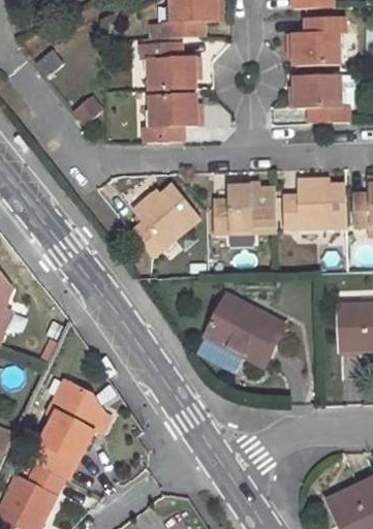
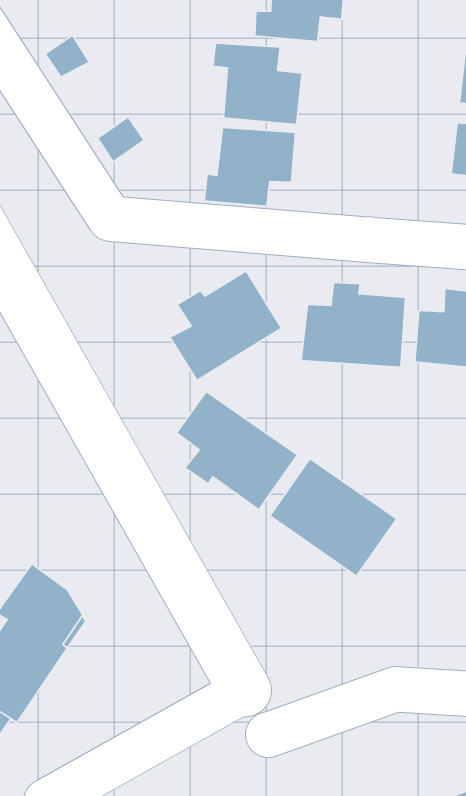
building: none -> [176,392,298,510]

